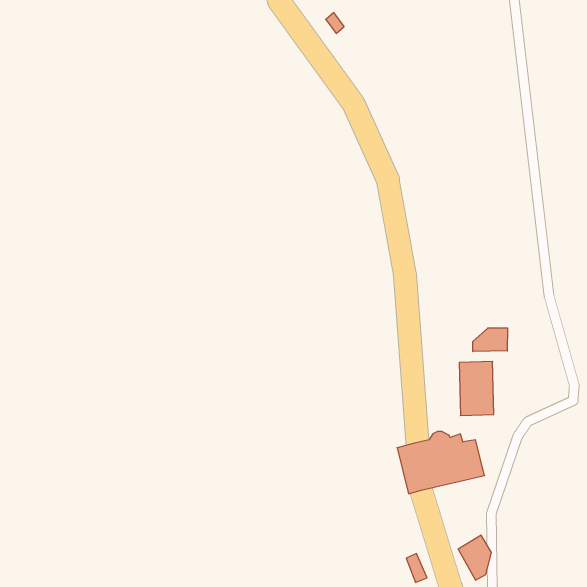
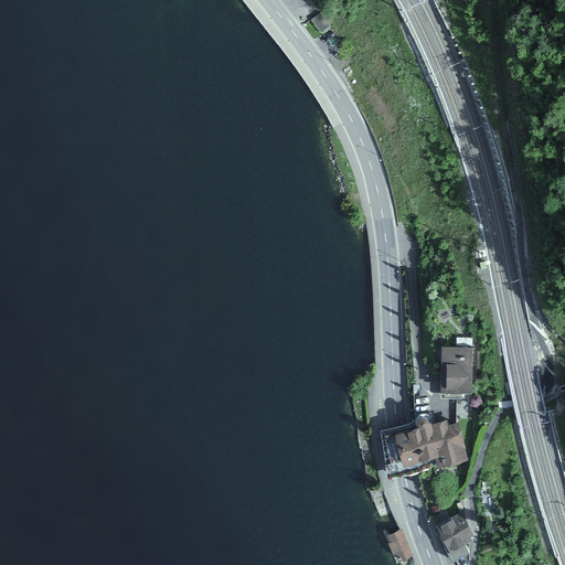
building: [473,328,508,352] -> none

